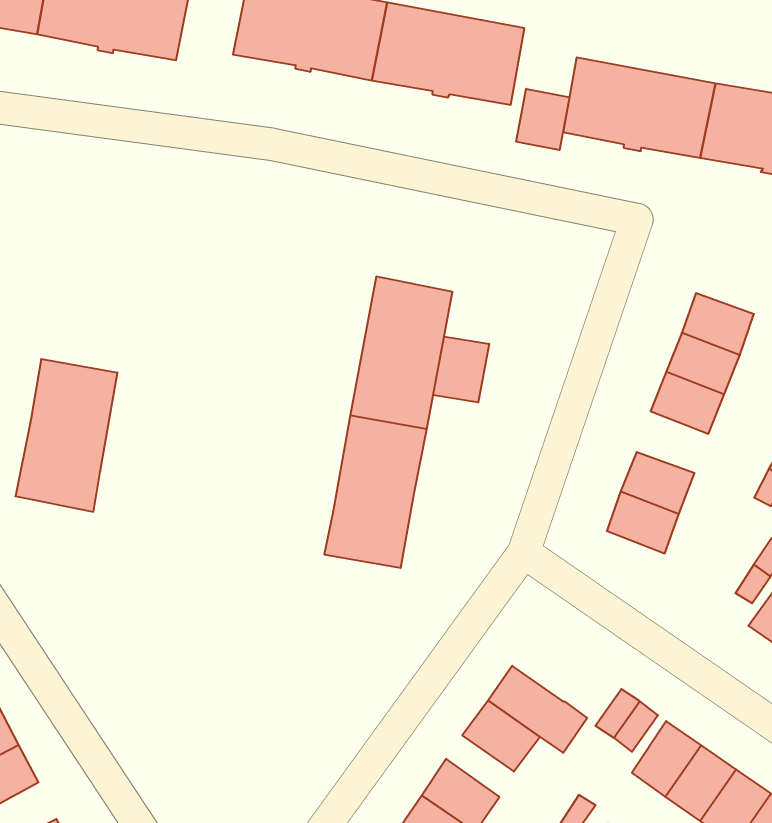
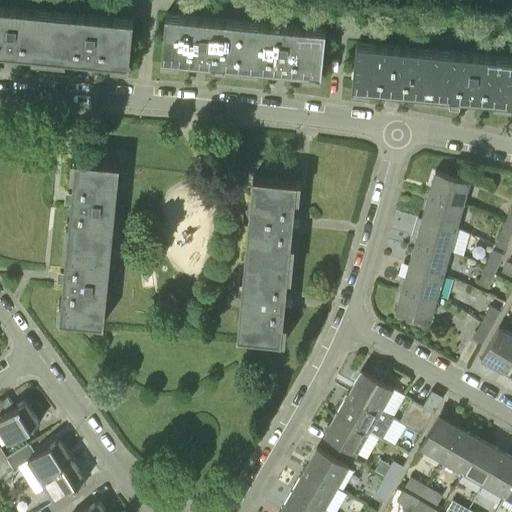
building: [516,89,569,150] -> none
building: none -> [67,166,119,250]
building: [433,336,489,402] -> none
building: none -> [409,246,449,279]
building: none -> [349,376,393,415]

